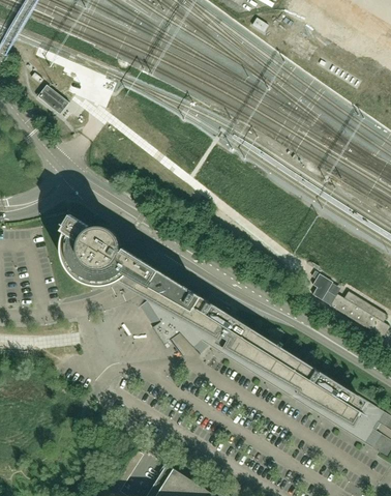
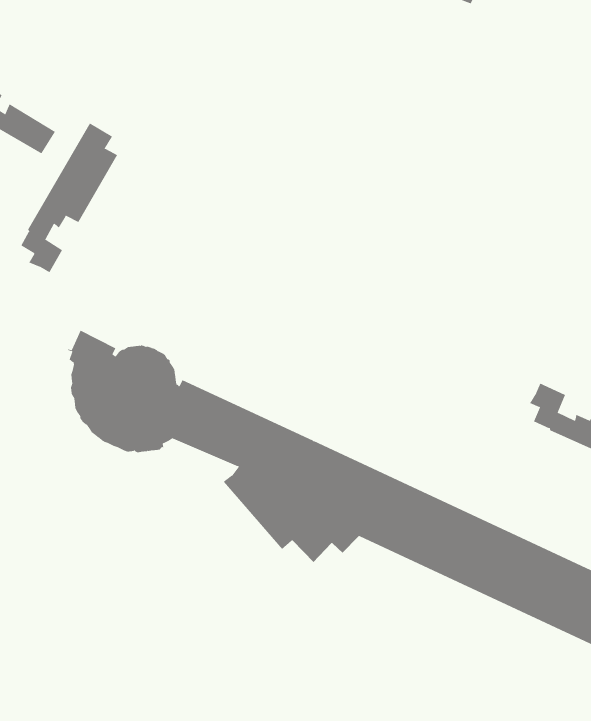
building: none -> [20,122,118,273]

